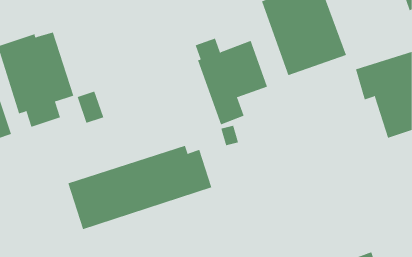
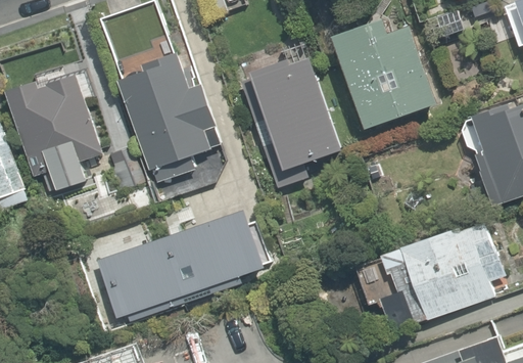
building: none -> [117,54,223,183]
building: none -> [381,224,490,328]

